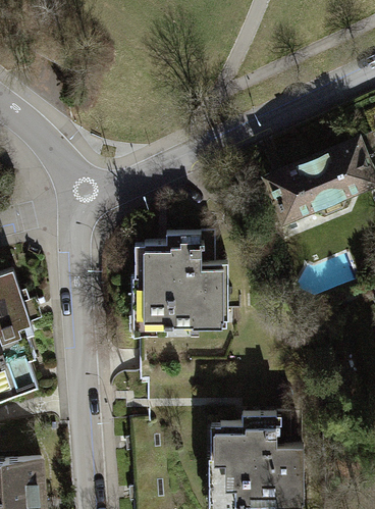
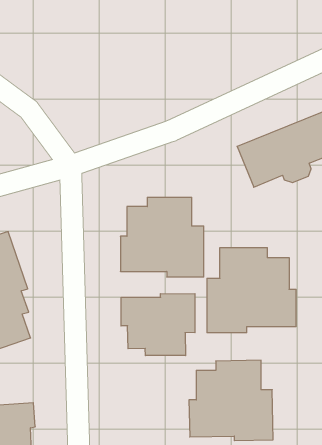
building: none -> [207,248,296,333]
building: none -> [121,294,195,356]

